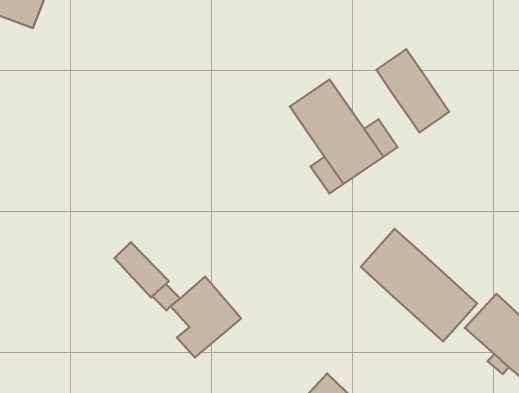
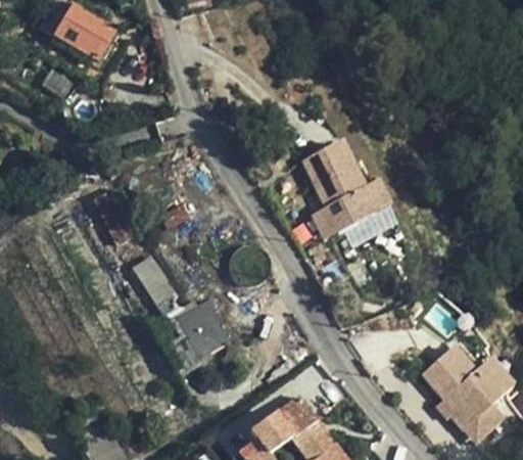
building: [376,49,449,133] -> none
building: [361,229,477,342] -> none

